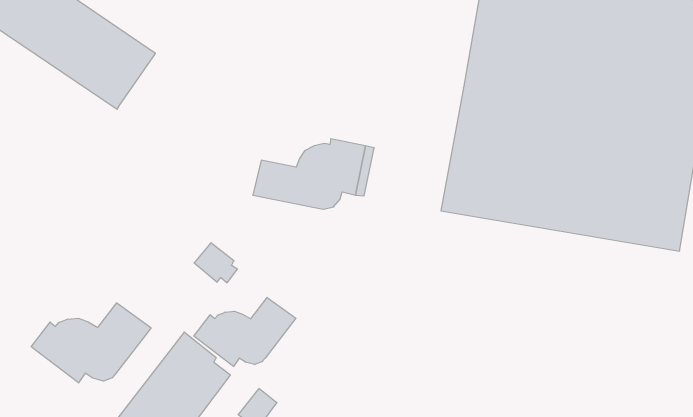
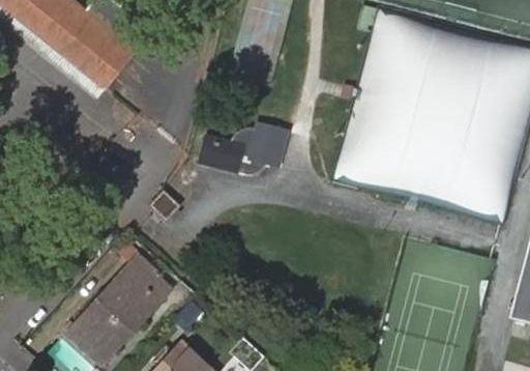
building: [194,297,296,366] -> none
building: [31,303,151,383] -> none

